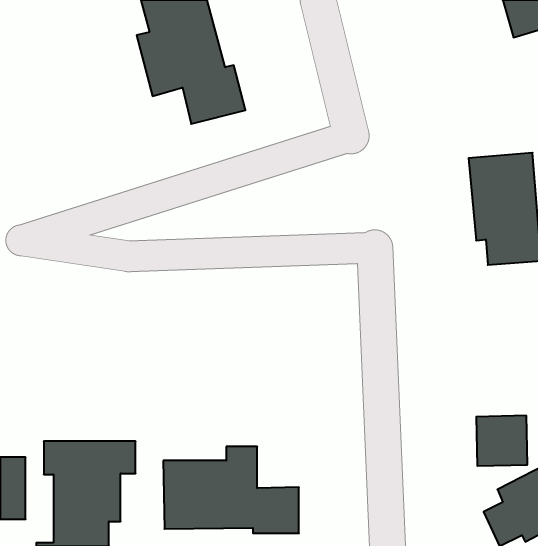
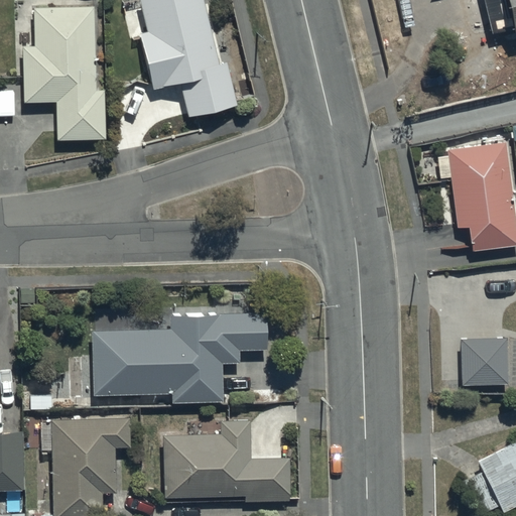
building: none -> [22,9,104,138]
building: none -> [100,310,272,400]
building: [476,416,527,466] -> [460,339,508,386]

